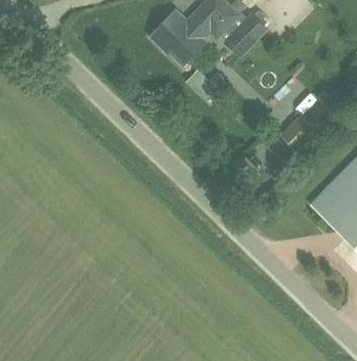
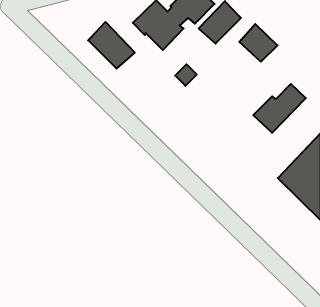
building: none -> [88,22,135,69]
building: none -> [239,24,278,62]

